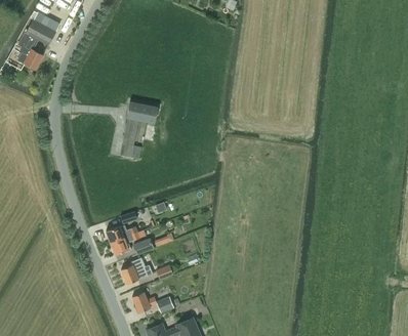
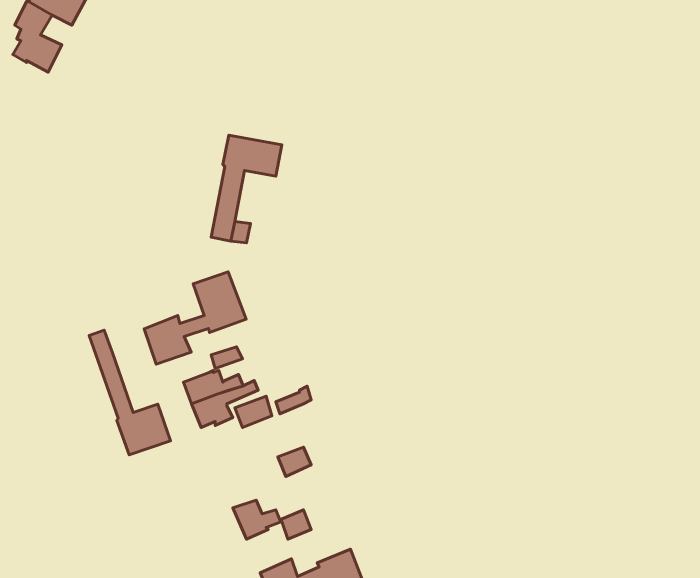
building: none -> [144,272,246,364]
building: none -> [89,330,171,455]
building: [121,257,153,284] -> none

